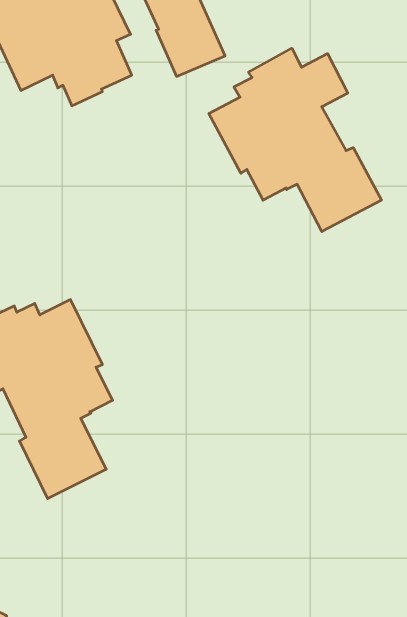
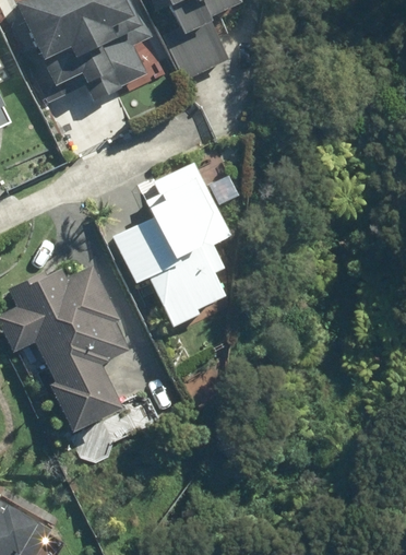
building: [209,48,381,232] -> none
building: none -> [114,161,231,329]

